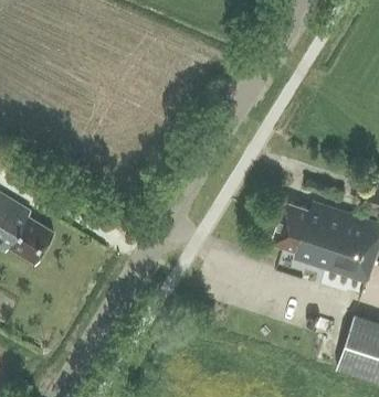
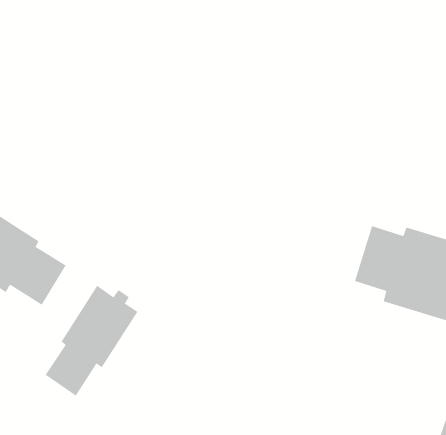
building: none -> [45,285,138,396]

